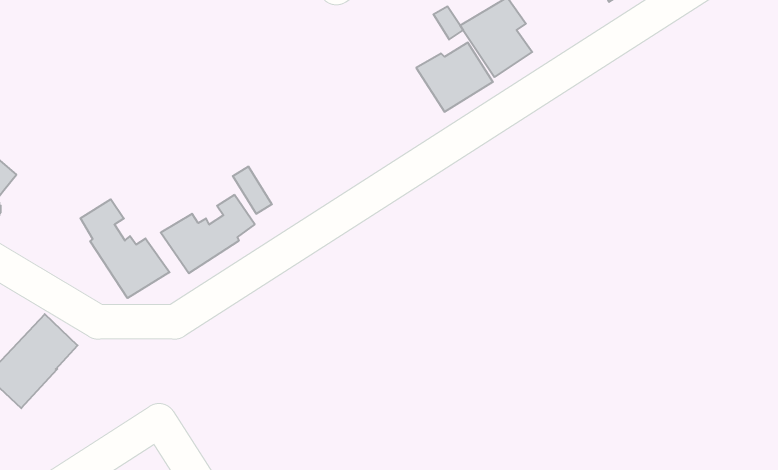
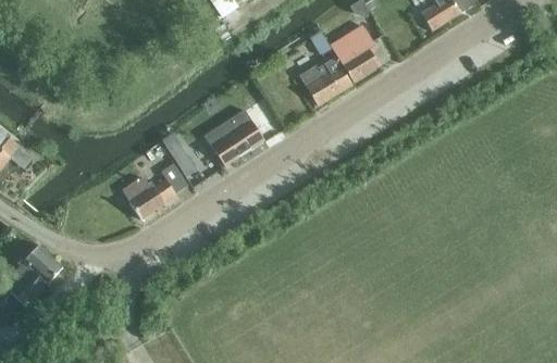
building: none -> [203,110,265,167]
building: [80,199,170,298] -> none

